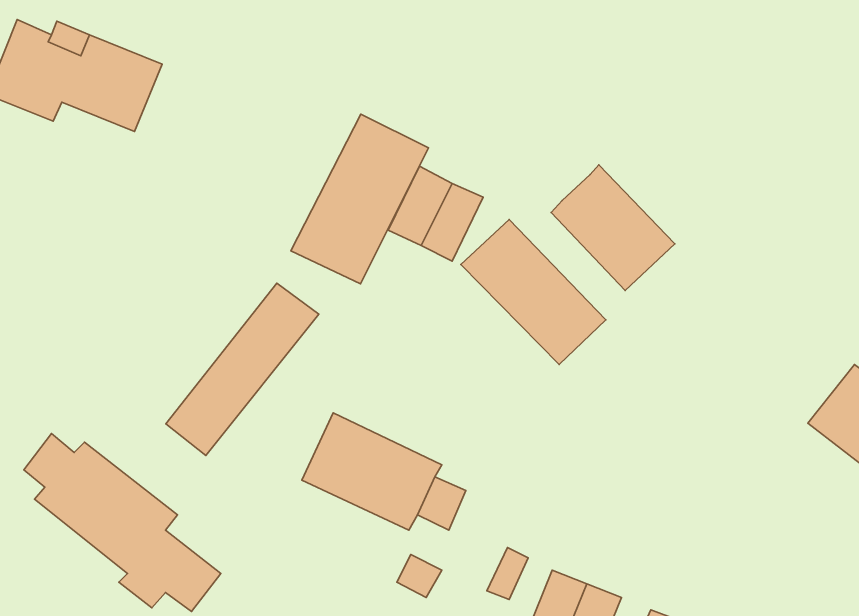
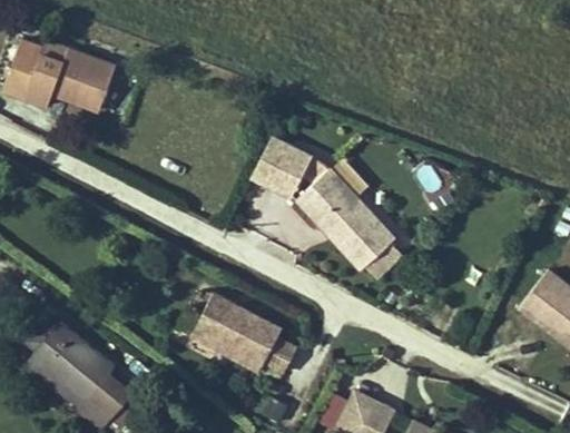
building: [291,114,429,284] -> none
building: [551,165,675,291] -> none
building: [166,283,319,455] -> none

